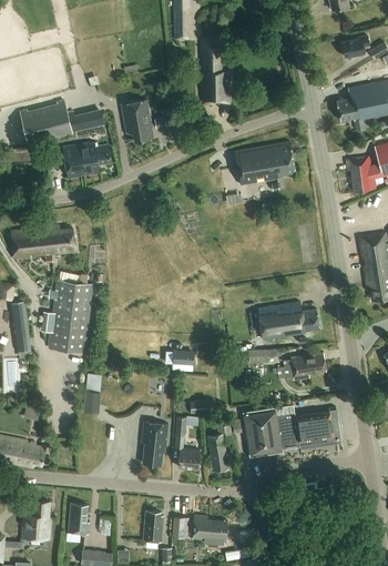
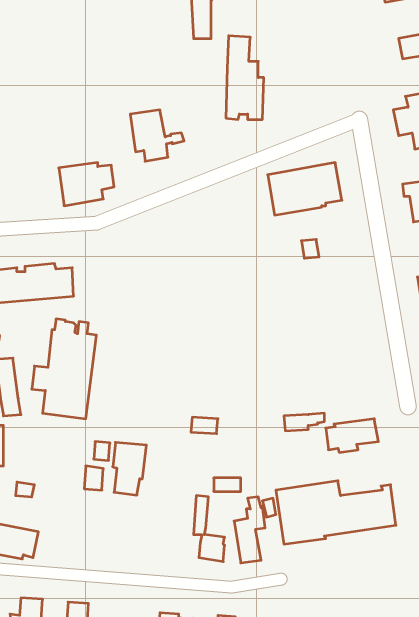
building: [21,101,103,144] -> none
building: [258,302,319,341] -> none
building: [141,423,169,466] -> [113,442,146,495]

